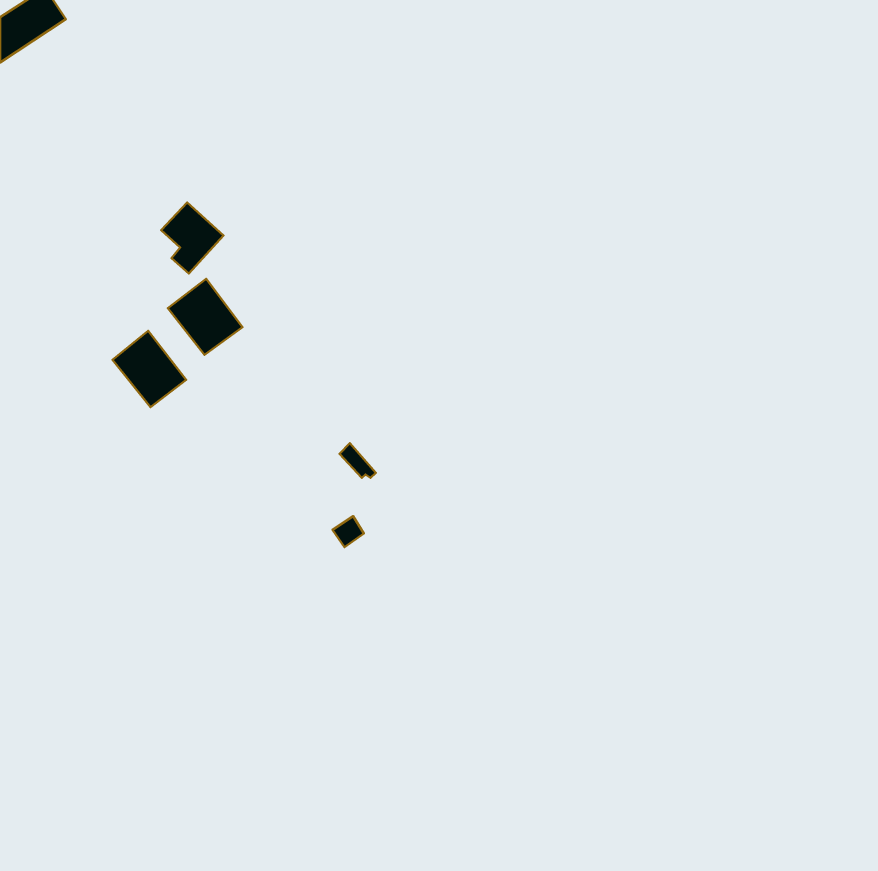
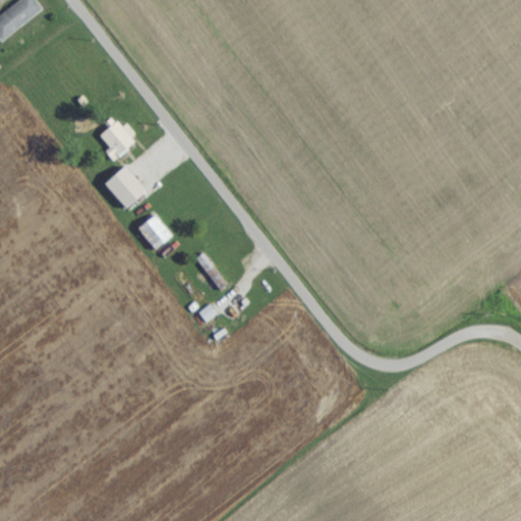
building: [112,331,186,407] -> none
building: none -> [137,213,173,249]

